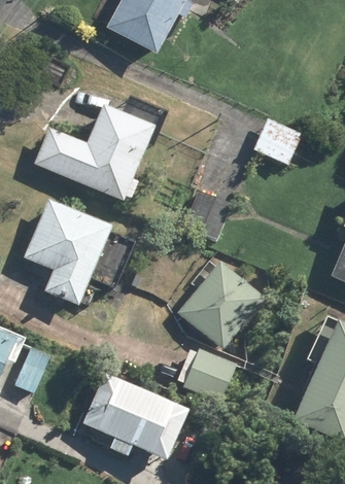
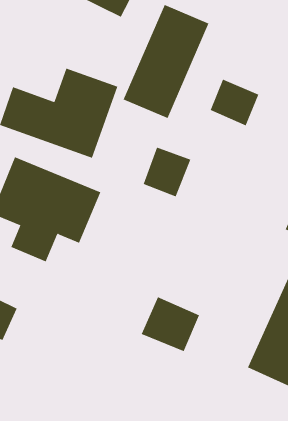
building: none -> [123,4,209,119]
building: [175,260,263,348] -> none
building: [84,372,193,460] -> none

